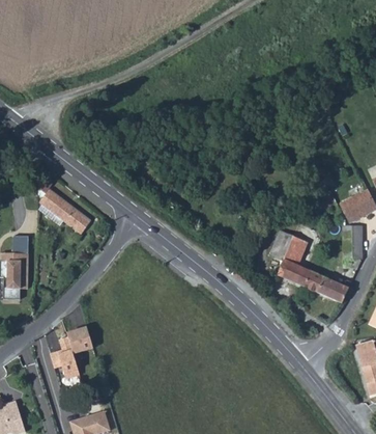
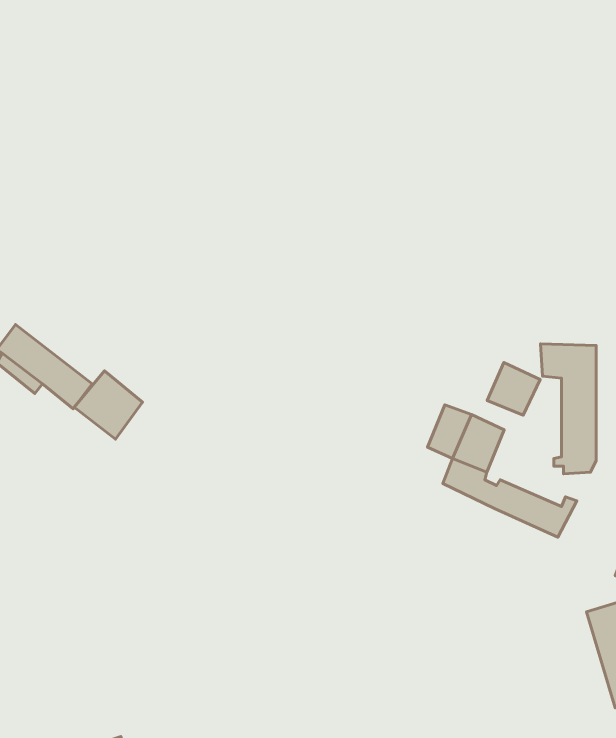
building: none -> [487,362,540,415]
building: none -> [74,371,143,439]
building: [51,325,95,378] -> none

